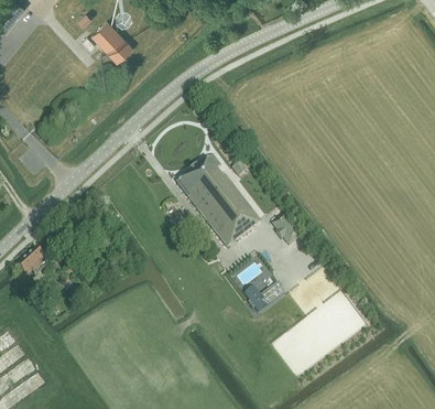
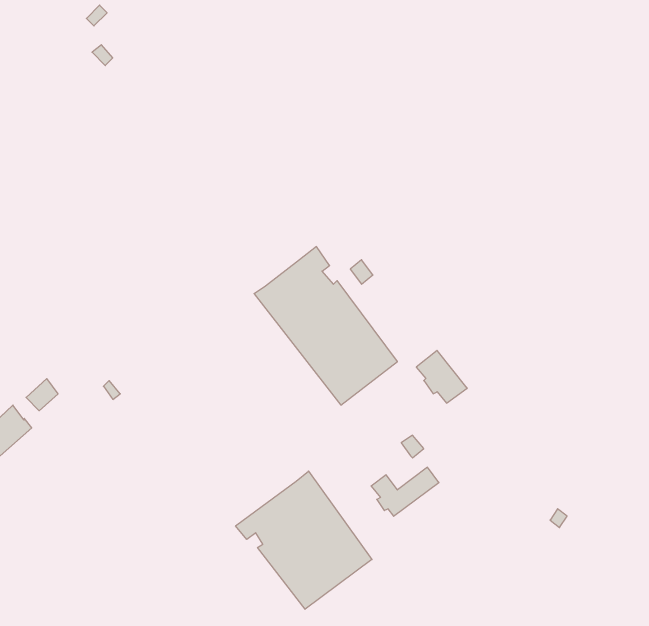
building: [91,18,131,60] -> none
building: none -> [236,471,372,609]

